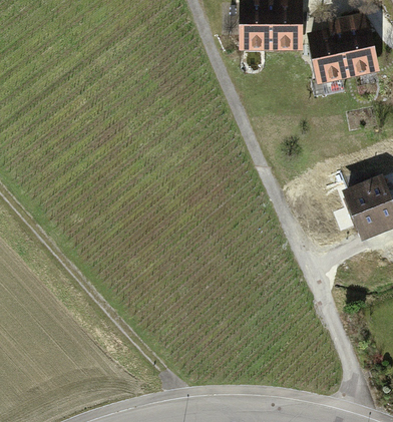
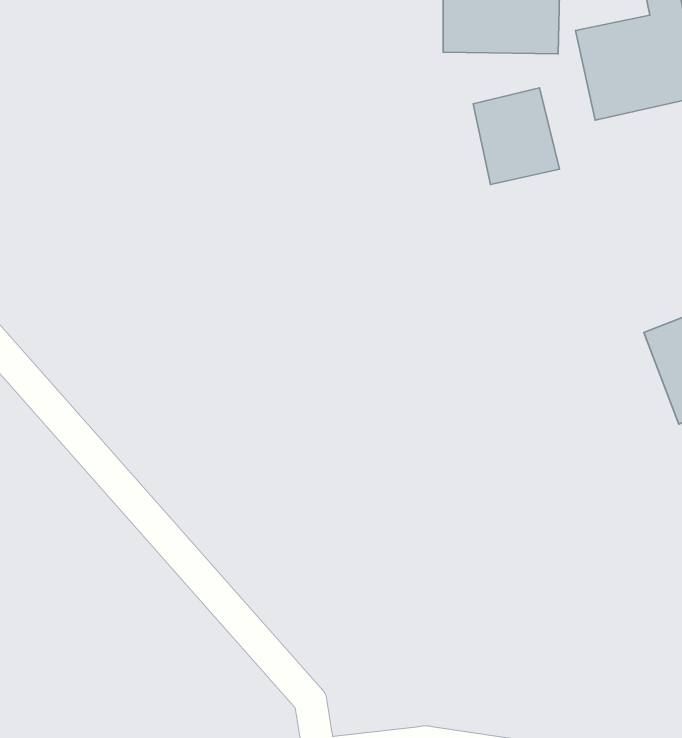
building: none -> [473,88,560,185]

